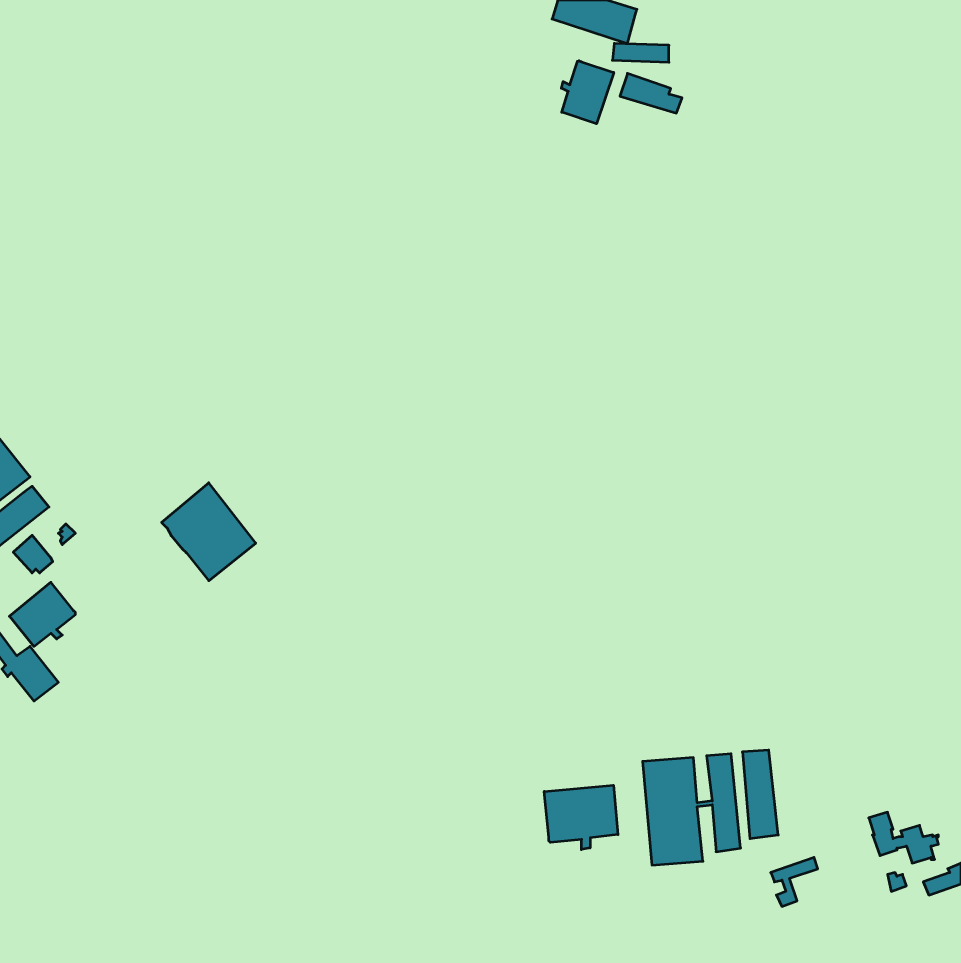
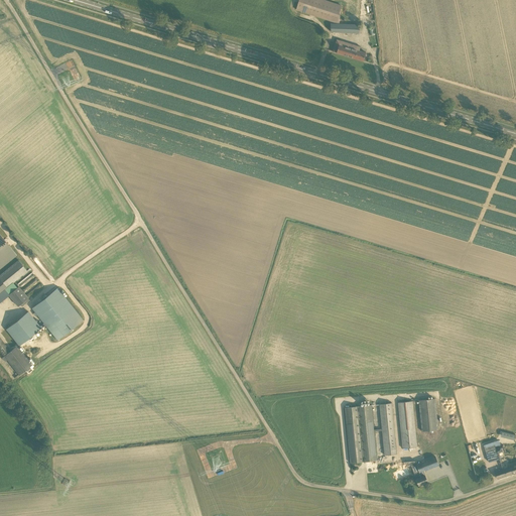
building: [561,61,614,124] -> none
building: [162,483,256,581] -> [31,287,82,340]
building: none -> [418,399,437,431]
building: [544,785,618,850] -> none

